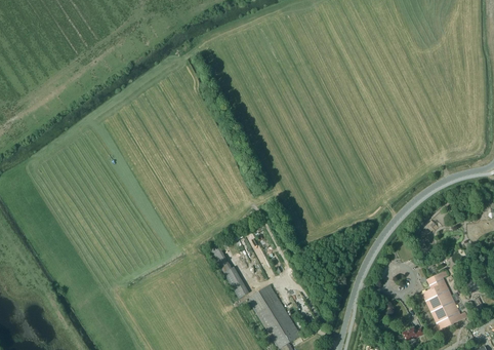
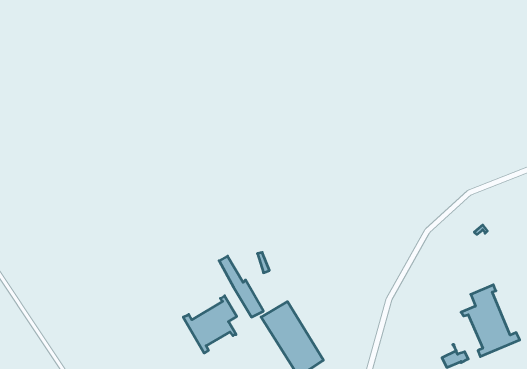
building: none -> [183,296,237,353]

